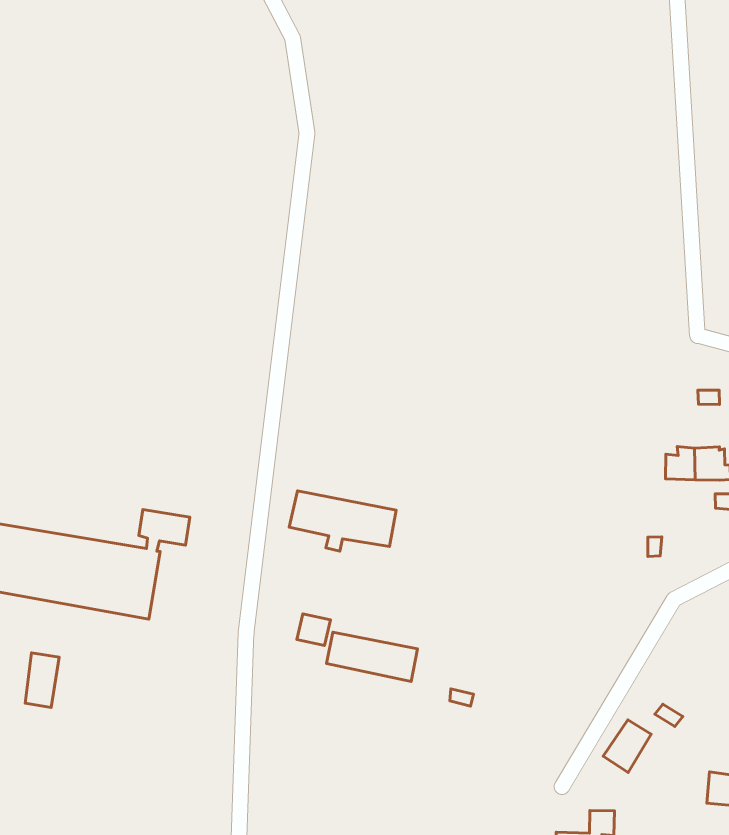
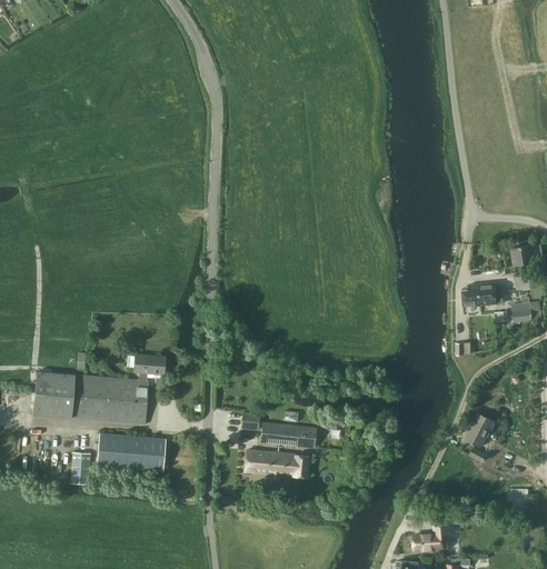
building: [289,491,396,551] -> [243,449,310,485]
building: none -> [97,433,166,472]
building: [603,720,651,773] -> [465,413,494,447]

